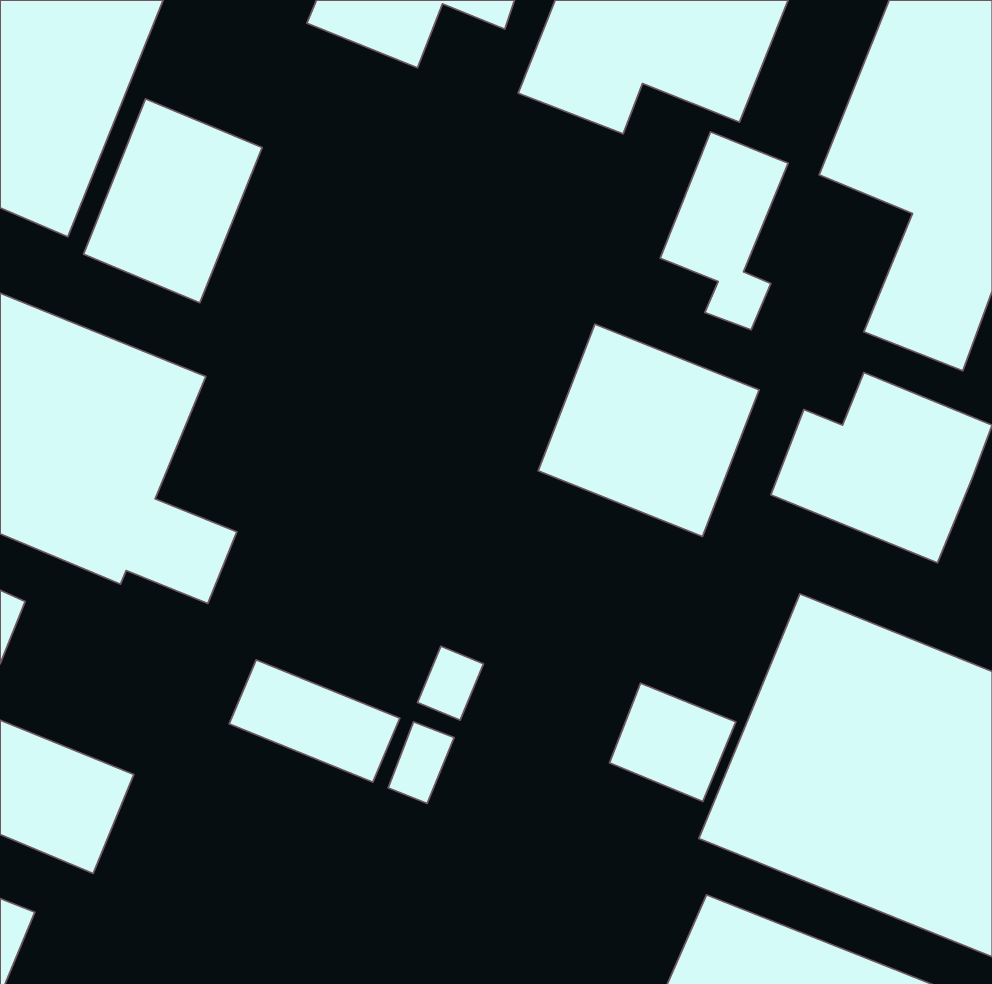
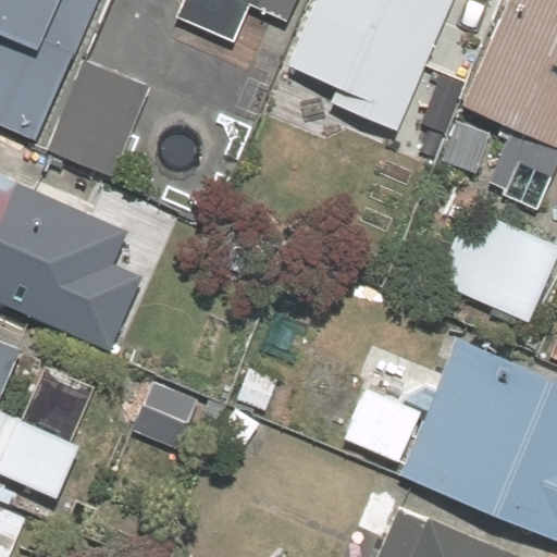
building: [538,324,759,537] -> none

